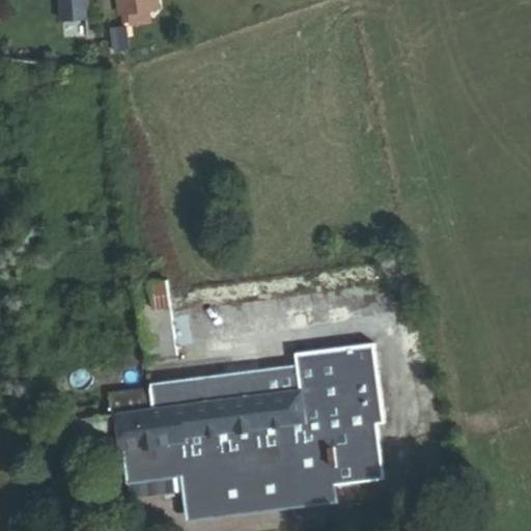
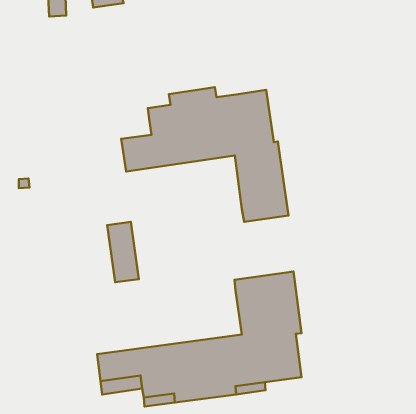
building: none -> [121,87,289,222]
building: [72,368,307,449] -> none

